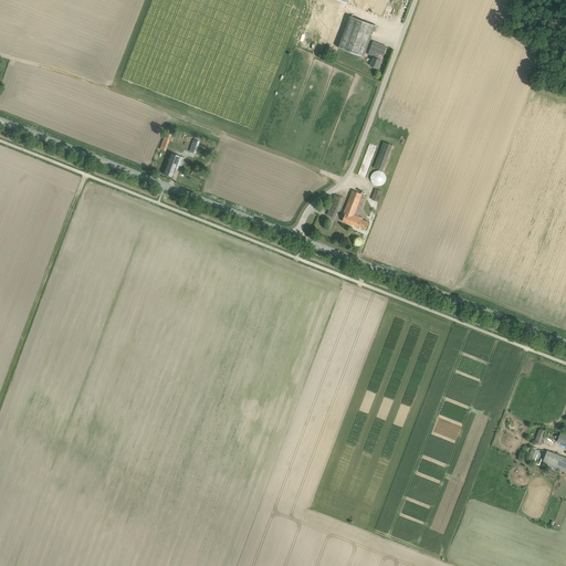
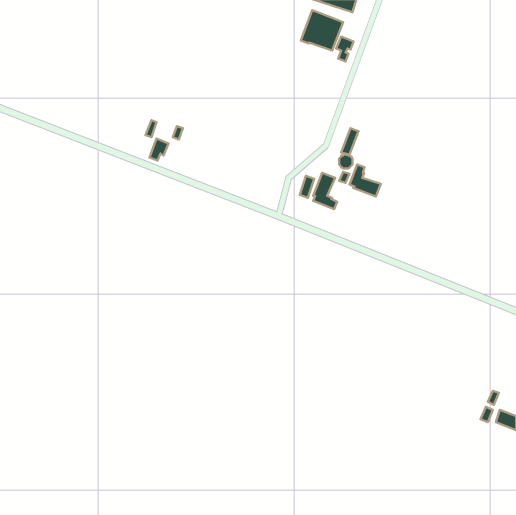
building: none -> [350,165,381,196]

